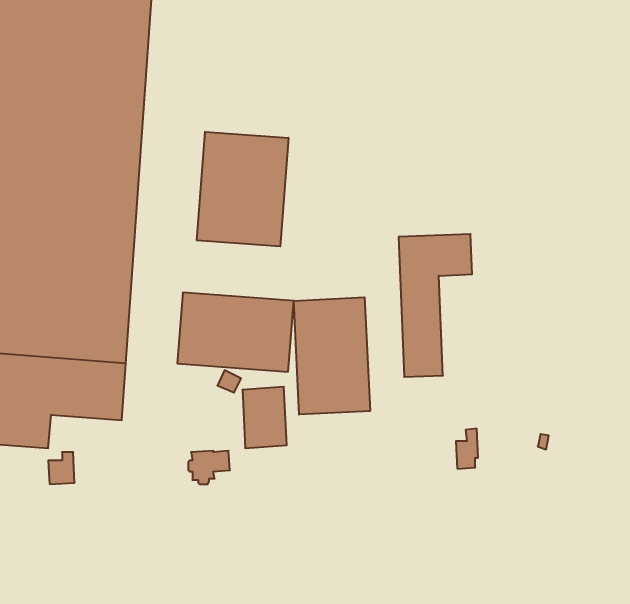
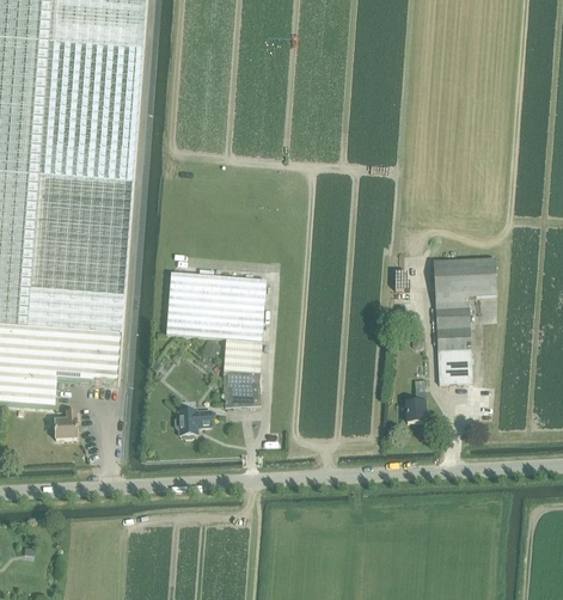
building: [197,132,288,246] -> none
building: [399,234,472,377] -> [434,258,497,381]
building: [294,297,370,415] -> none

